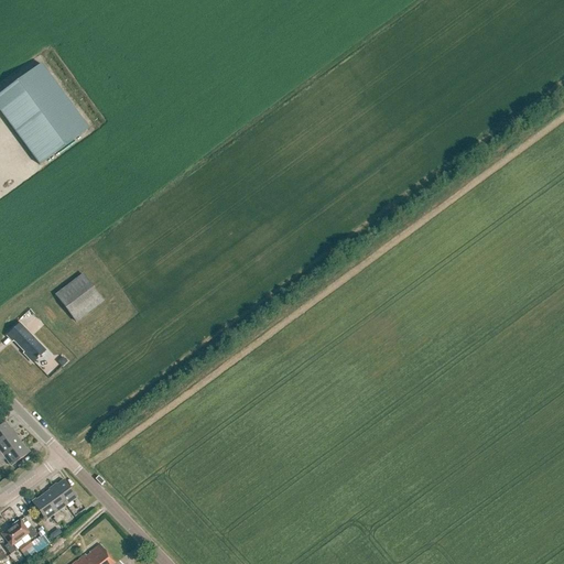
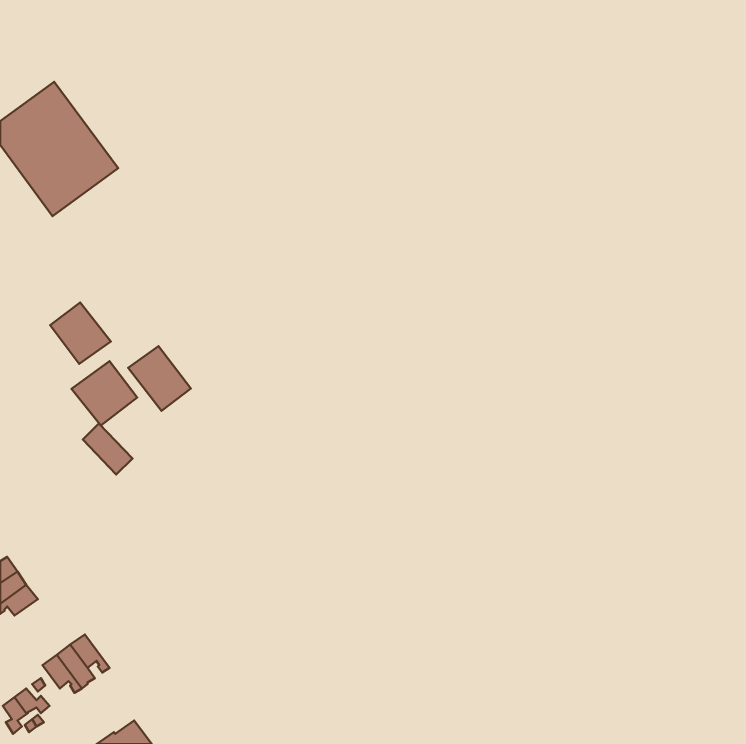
building: none -> [50,302,111,364]
building: none -> [128,346,191,411]
building: [8,322,45,360] -> [83,423,132,475]

